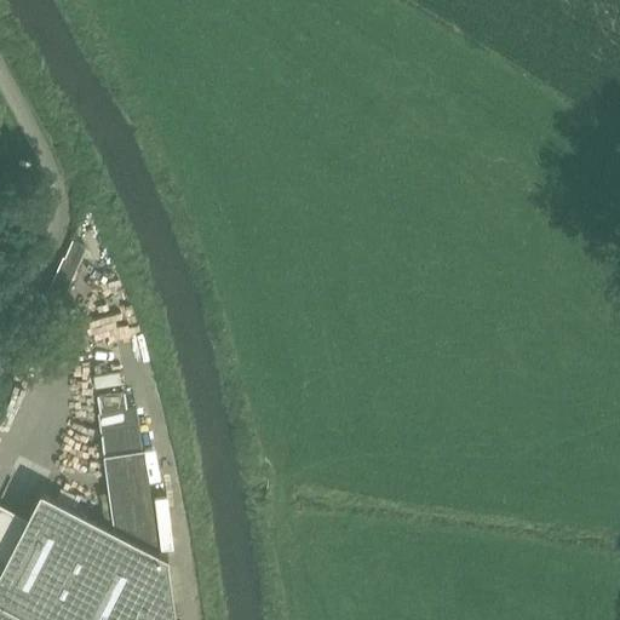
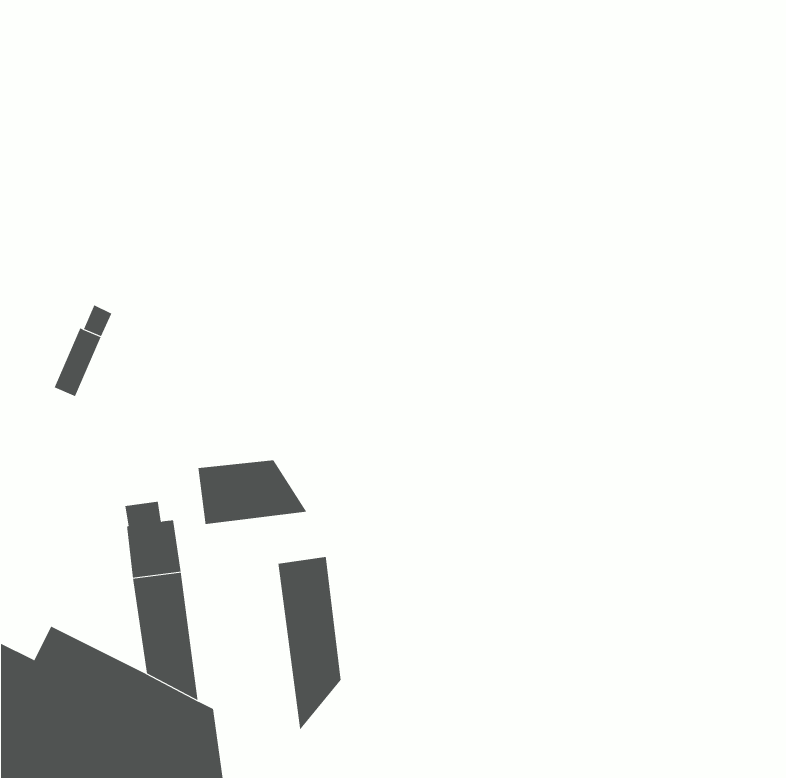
building: none -> [198,460,307,525]
building: none -> [278,556,341,730]

